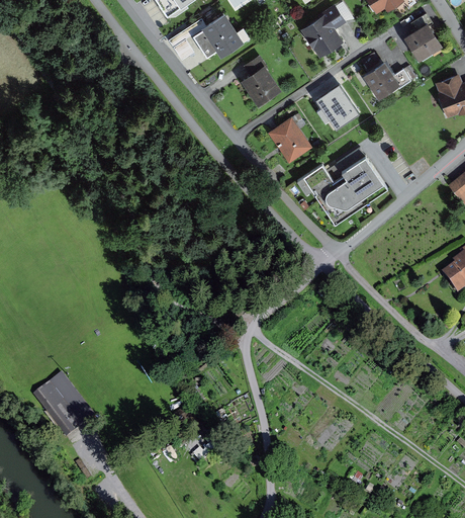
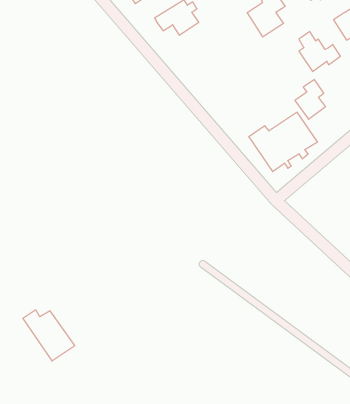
building: [241,54,282,105] -> none
building: [316,78,353,125] -> [295,79,325,119]
building: [267,115,312,163] -> none

